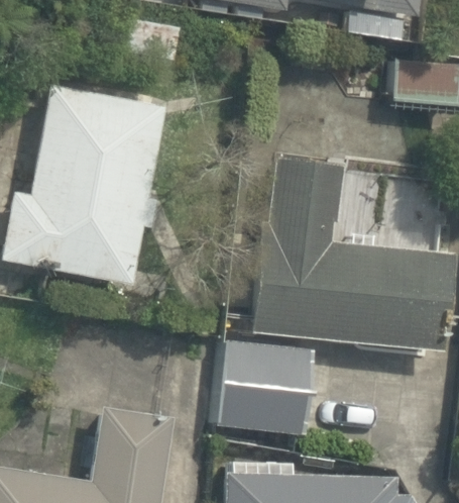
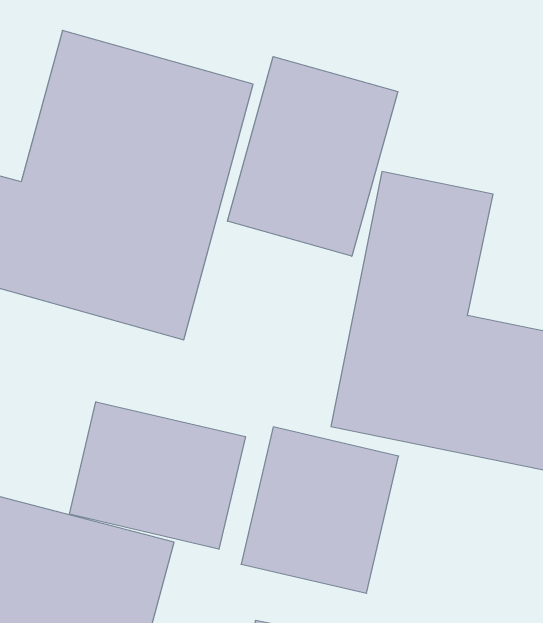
building: none -> [227,57,398,256]
building: none -> [69,402,245,549]

